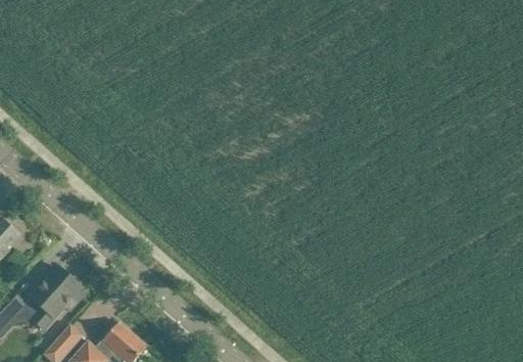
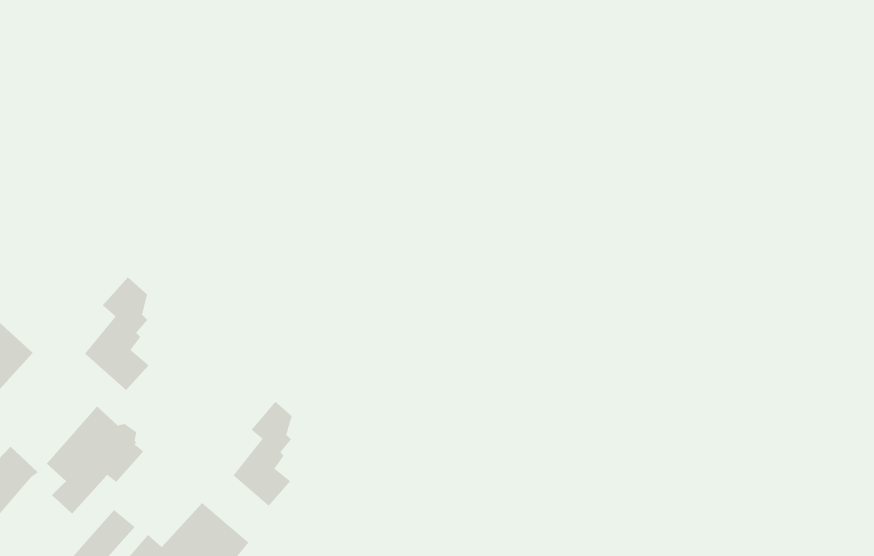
building: none -> [84,277,150,391]
building: none -> [232,401,293,507]

